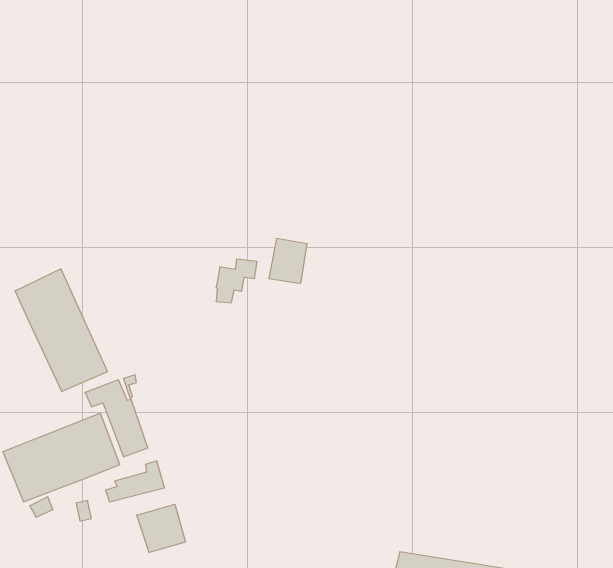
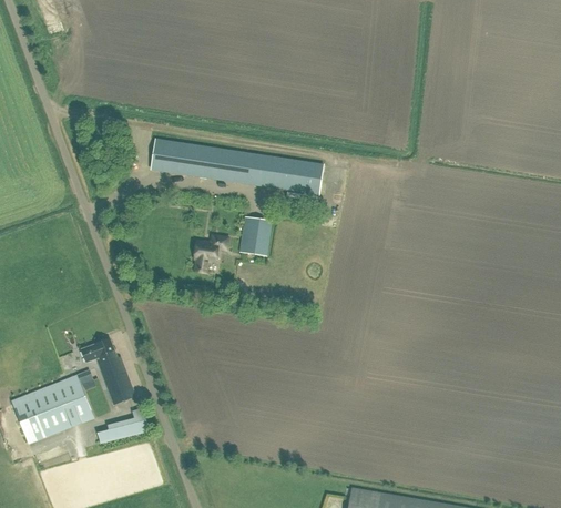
building: none -> [149,138,323,194]
building: [15,269,107,392] -> none
building: [137,504,186,553] -> none

